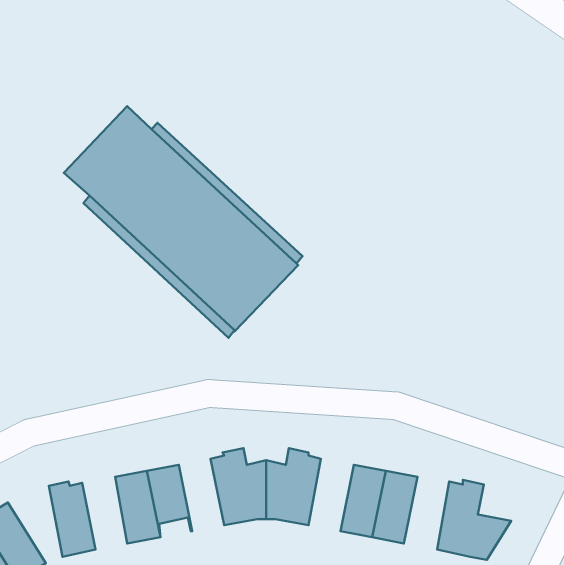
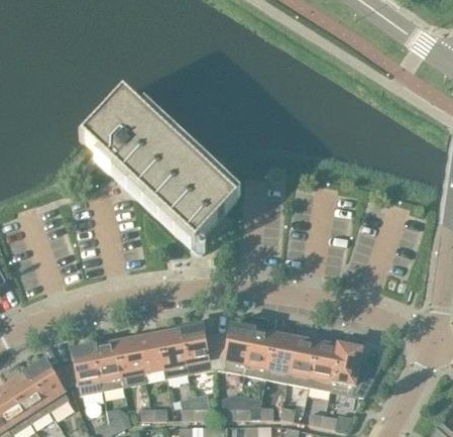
building: none -> [157,329,188,377]
building: none -> [244,329,274,377]
building: none -> [93,341,123,390]
building: none -> [308,341,338,390]

